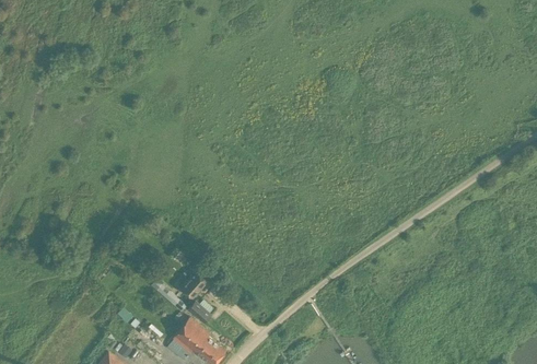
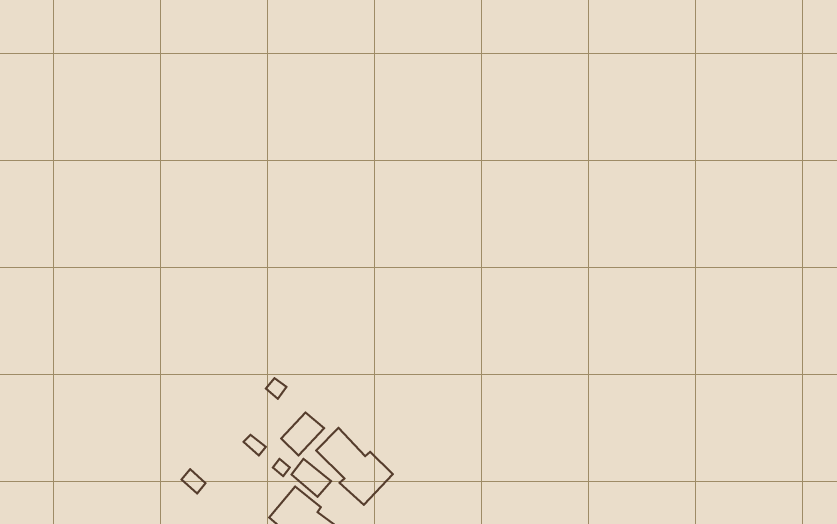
building: none -> [316,428,393,505]

